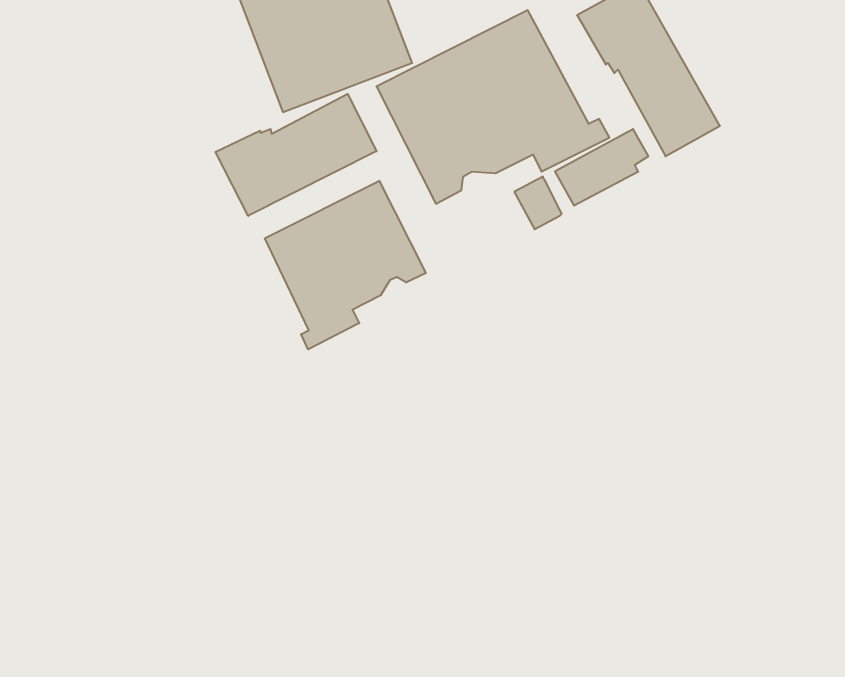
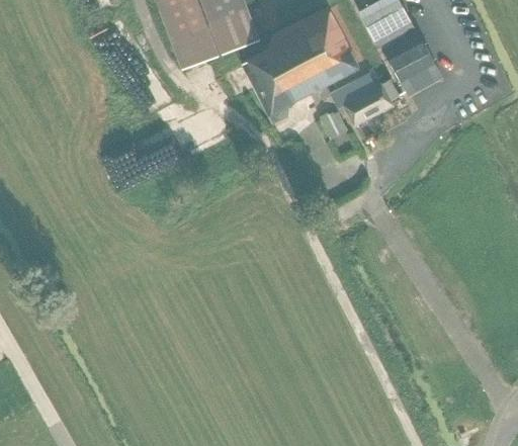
building: [215,94,377,216] -> none
building: [265,181,426,349] -> none

